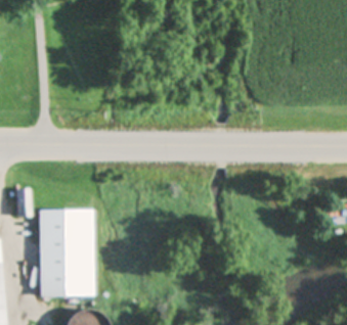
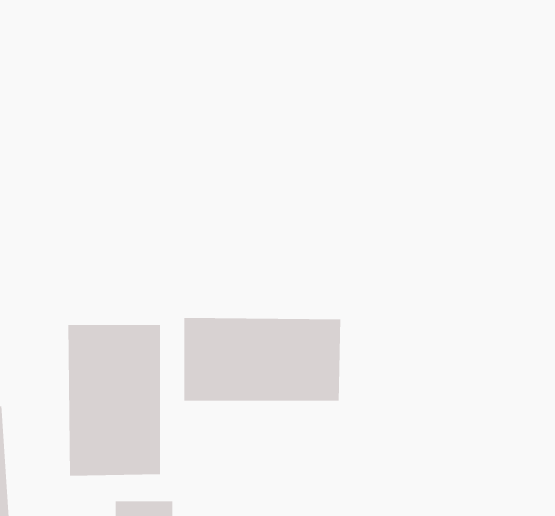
building: none -> [184,317,341,402]

